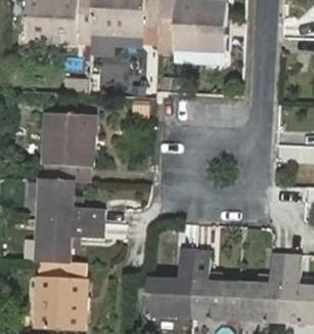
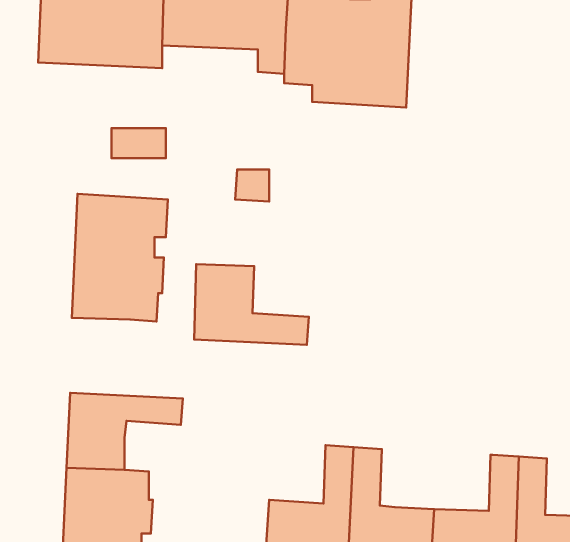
building: [41,179,103,223] -> [194,264,309,345]

